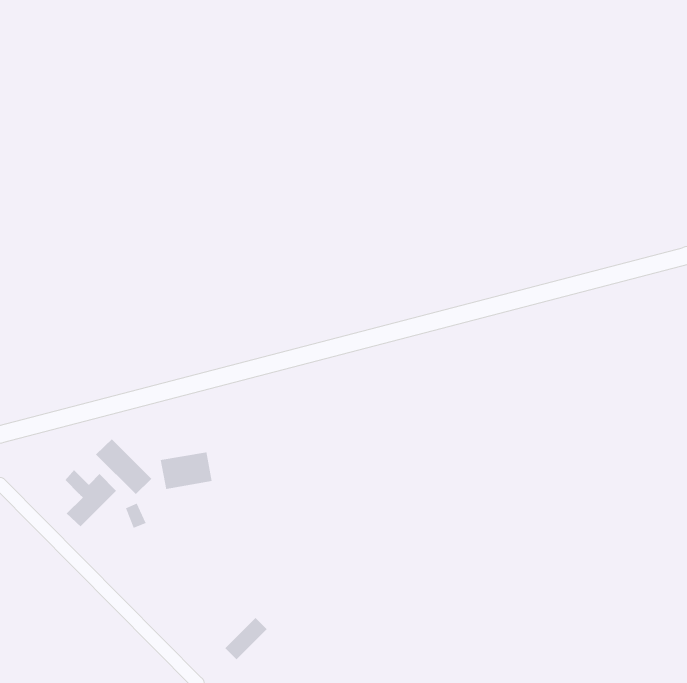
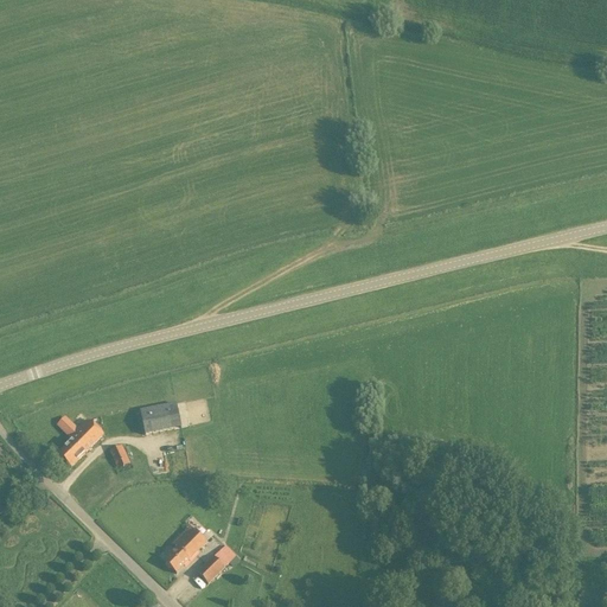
building: [95,439,152,495] -> none
building: none -> [165,525,206,571]

